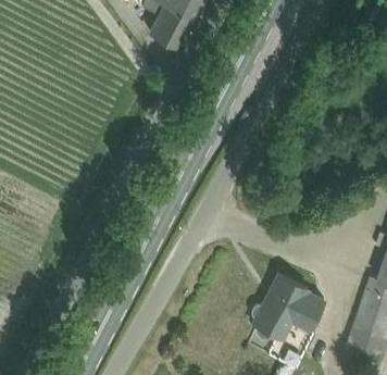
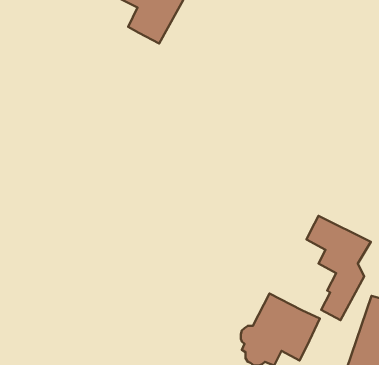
building: none -> [306,216,371,320]

